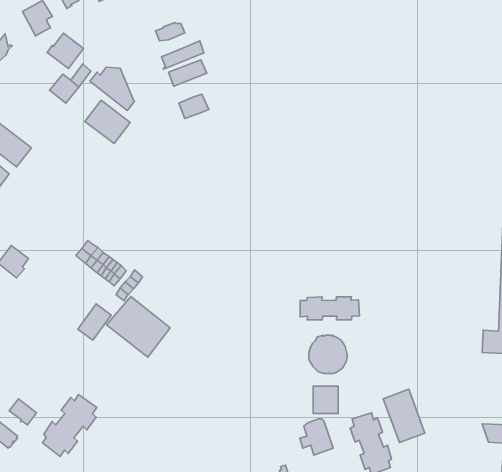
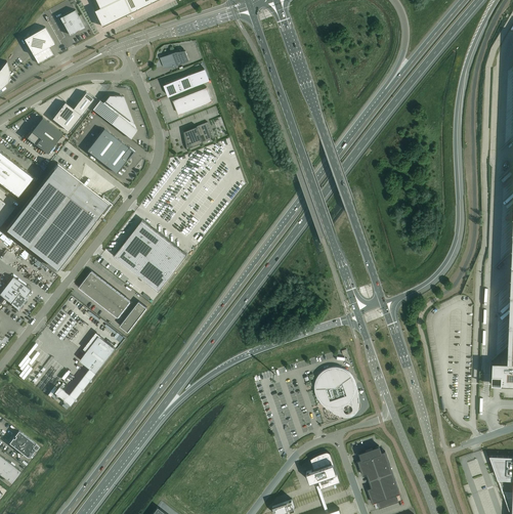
building: [47,33,84,69] -> [27,117,63,153]
building: none -> [6,162,112,268]
building: [106,297,170,357] -> [116,227,180,289]
building: [300,297,359,320] -> none
building: [313,386,338,414] -> none
building: [383,389,425,443] -> none
building: [42,395,97,457] -> none

